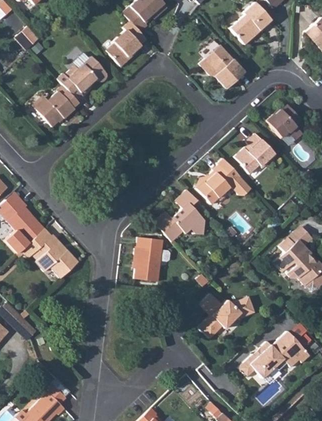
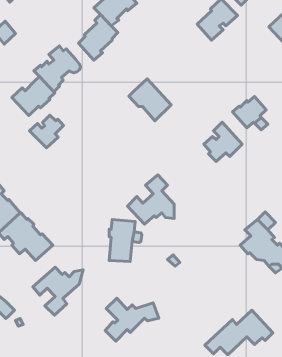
building: [199,45,243,89] -> [129,79,171,121]
building: none -> [29,115,64,148]
building: [197,158,252,204] -> none
building: none -> [33,267,83,315]
building: [198,294,254,339] -> [105,298,159,341]

